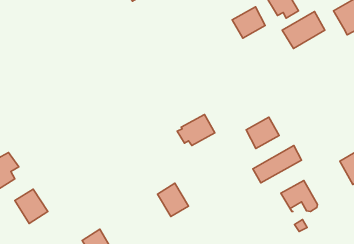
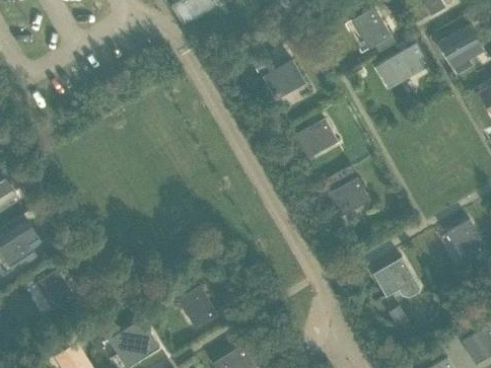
building: [232,7,265,38] -> [262,60,303,99]
building: [177,114,215,146] -> [289,119,337,158]
building: [253,146,301,183] -> none
building: [157,183,189,217] -> [178,286,217,328]

